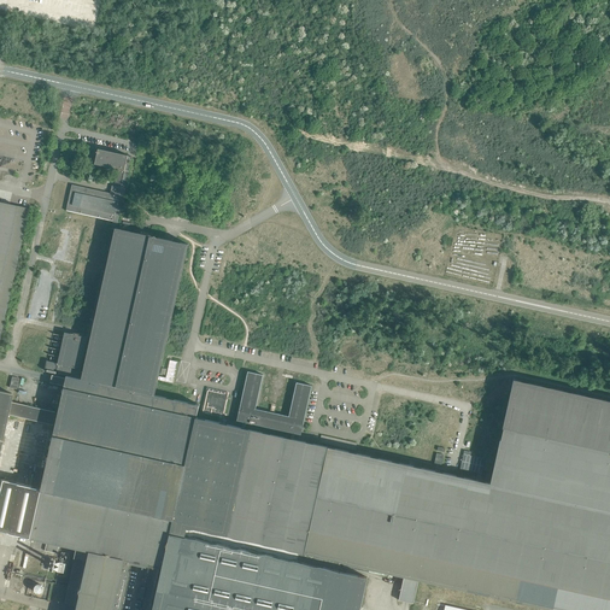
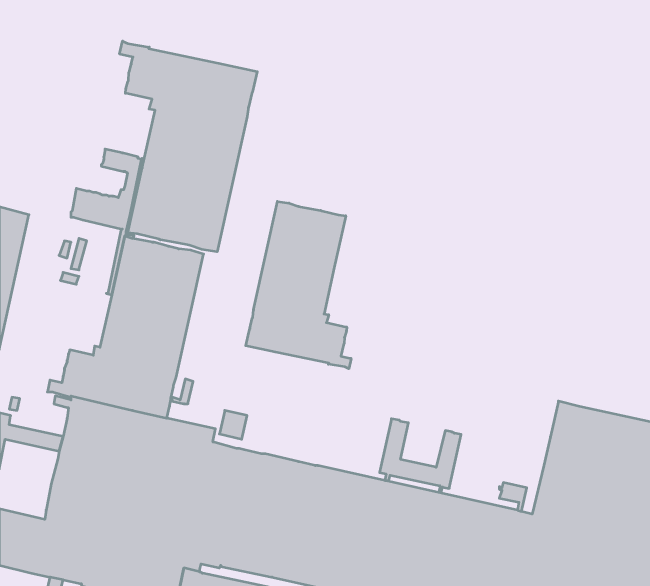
building: none -> [120,41,257,252]
building: none -> [246,201,351,369]
building: [236,371,311,439] -> [380,419,461,492]

